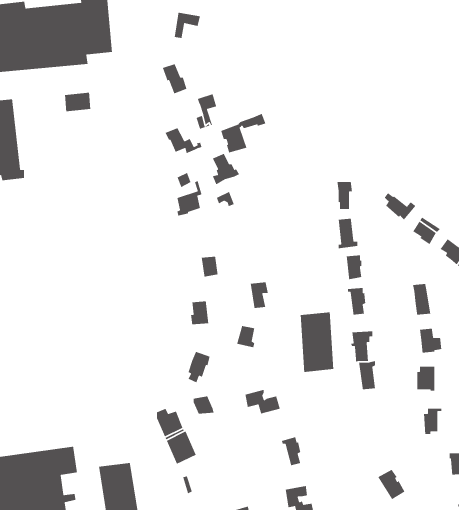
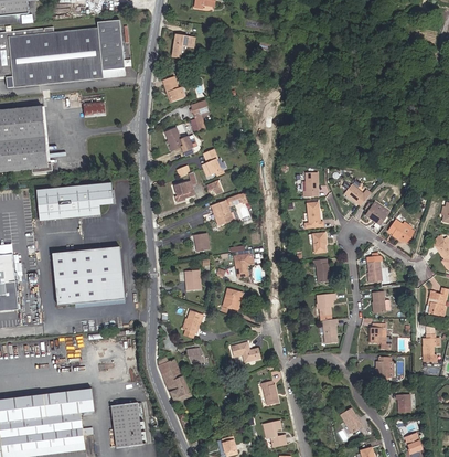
building: [220,113,266,154] -> [211,191,248,224]
building: none -> [35,182,113,221]
building: none -> [52,246,125,306]
building: [300,311,334,373] -> none

